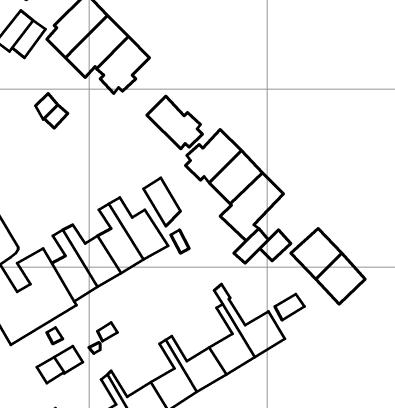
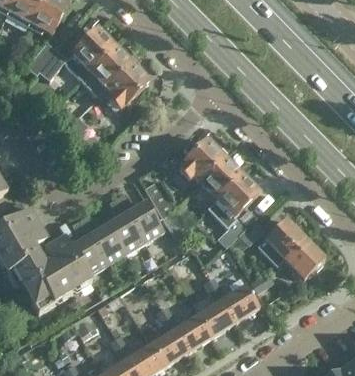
building: [147,96,202,149] -> none

